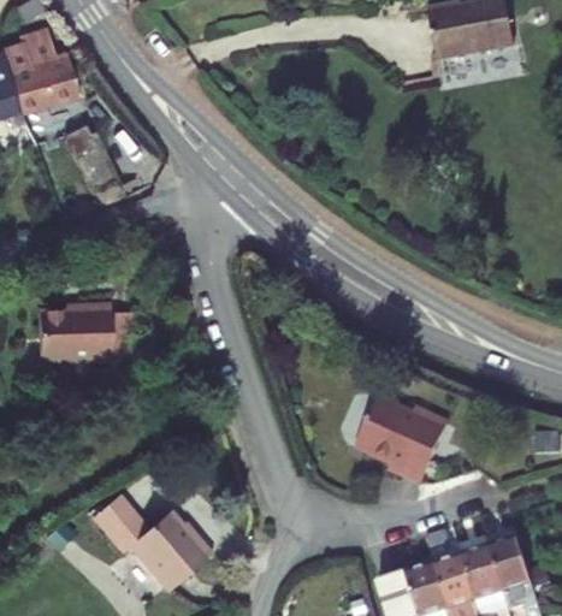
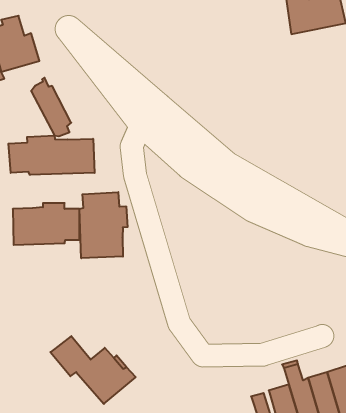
building: none -> [8,135,95,175]
building: none -> [80,192,128,258]
building: [357,397,449,479] -> none

